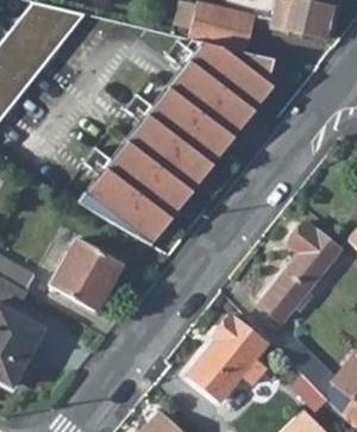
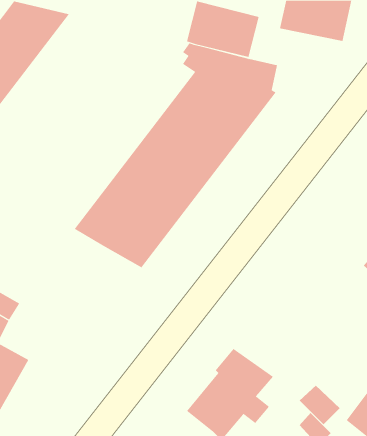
building: [259,221,339,323] -> none
building: [54,239,123,311] -> none

